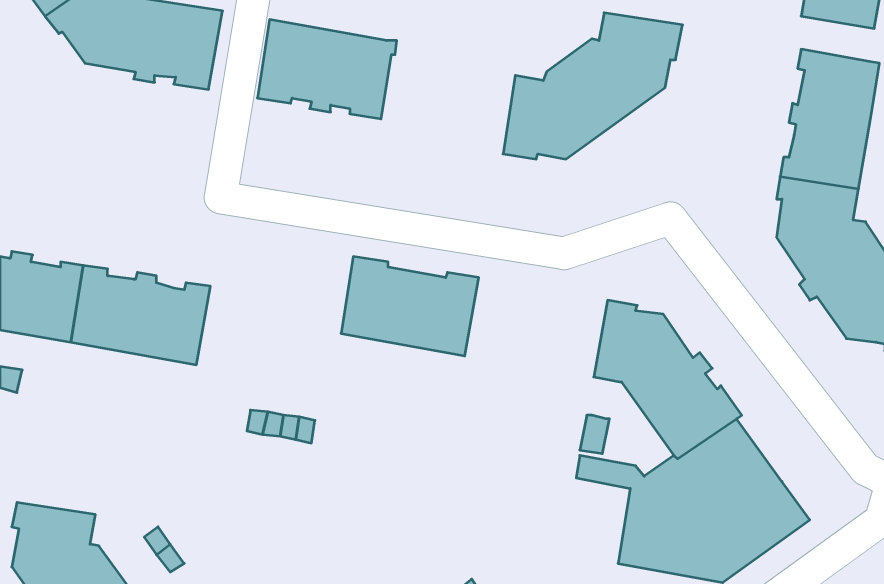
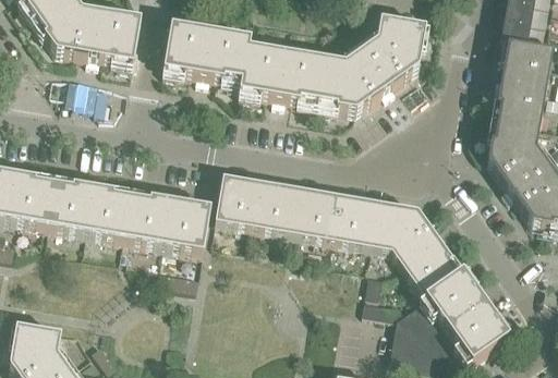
building: none -> [500,19,549,47]
building: none -> [239,42,325,105]
building: none -> [293,182,383,244]
building: none -> [125,187,211,249]

